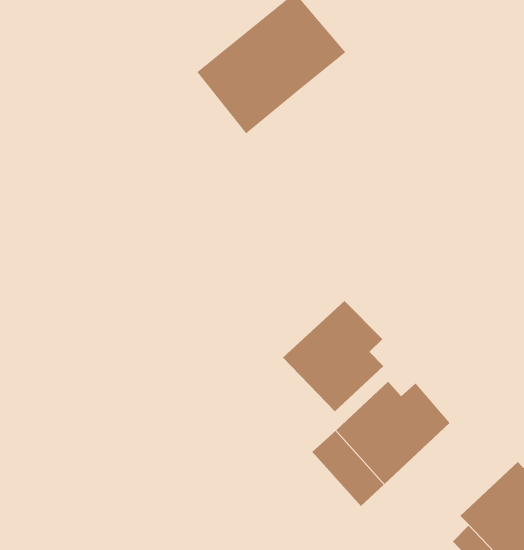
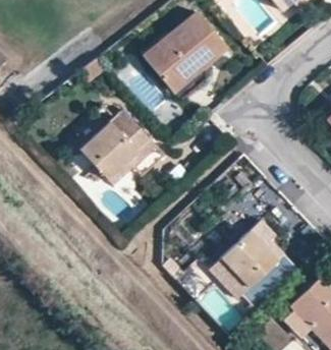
building: none -> [80,109,155,182]
building: [282,300,384,412] -> none

